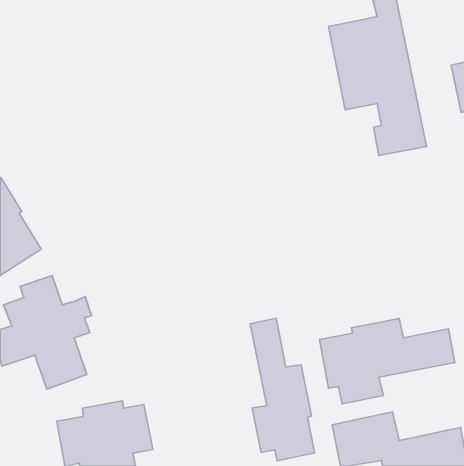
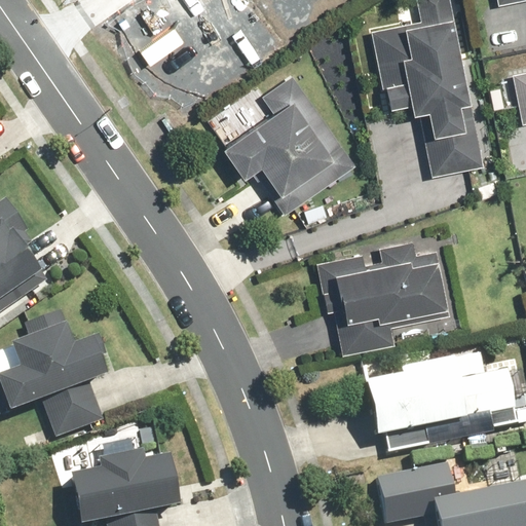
building: none -> [221,73,356,215]
building: none -> [316,241,448,355]
building: [250,318,315,461] -> none

